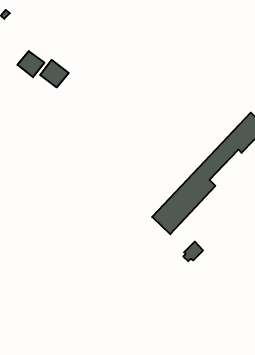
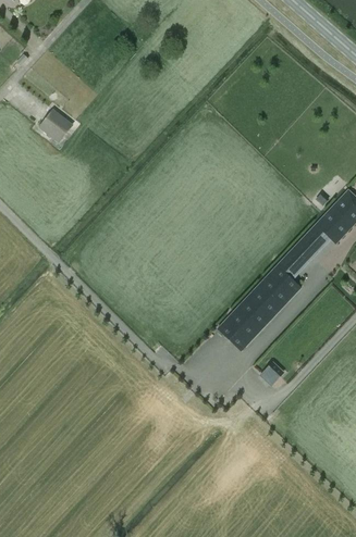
building: [40,60,69,87] -> none

